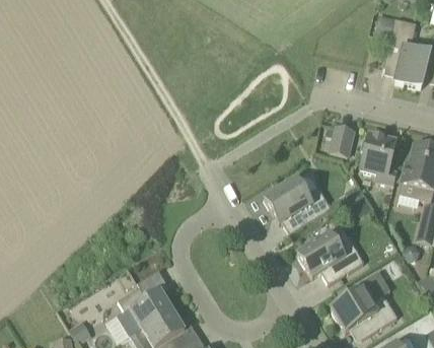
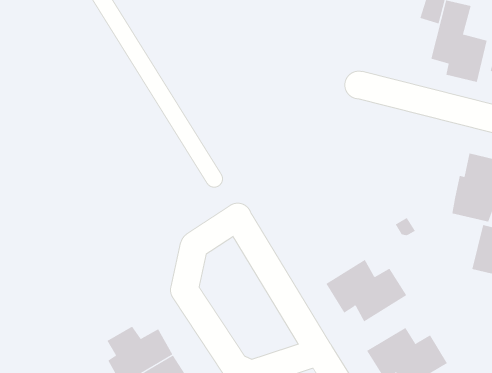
building: [327,125,353,154] -> none
building: [359,132,395,183] -> none
building: [264,177,331,231] -> none

